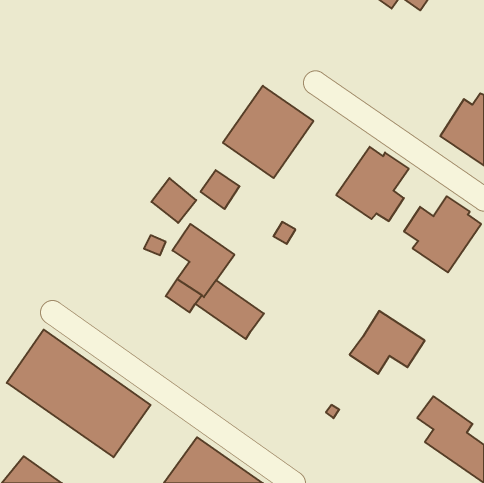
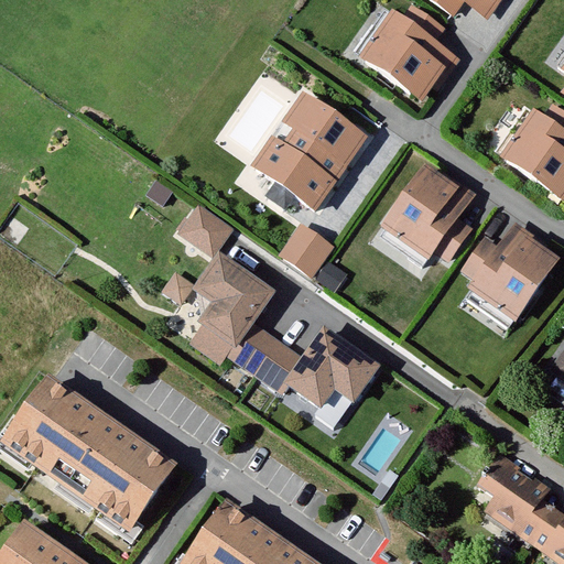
building: none -> [366,10,452,97]
building: [201,170,240,209] -> [283,227,328,272]
building: [350,311,425,374] -> [290,333,377,405]

